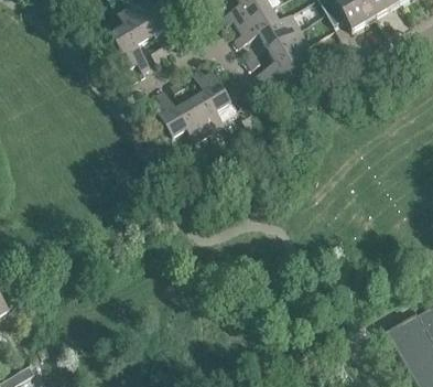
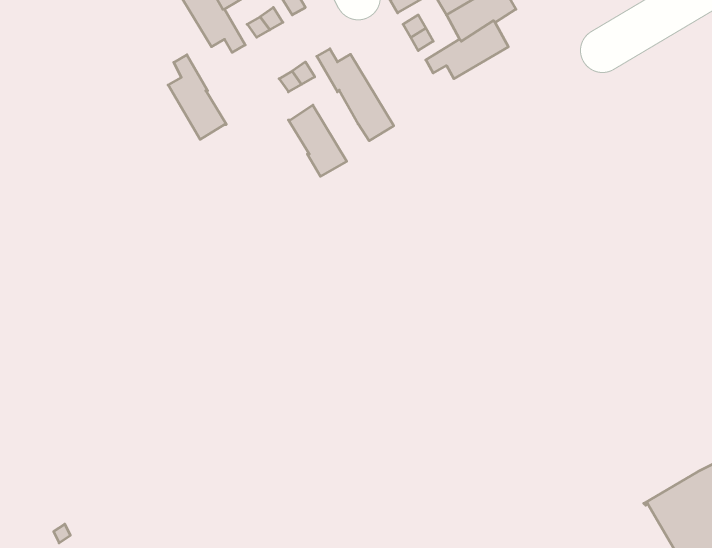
building: [153,88,187,138] -> [168,55,226,139]
building: [190,92,224,133] -> none

